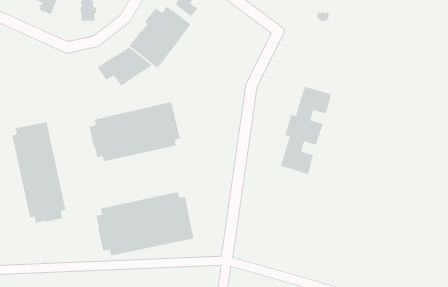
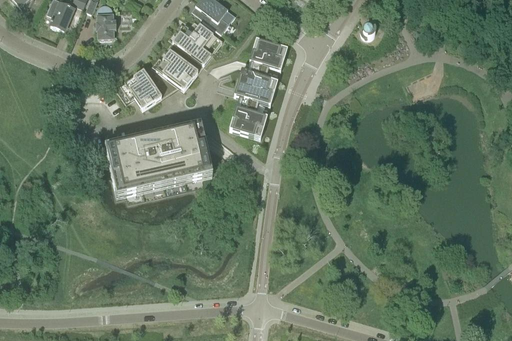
building: [280,86,332,175] -> [229,38,287,138]
building: [11,121,67,224] -> none
building: [96,191,194,258] -> none

